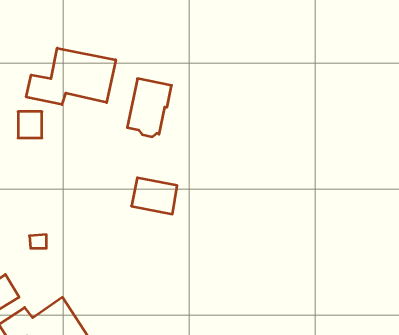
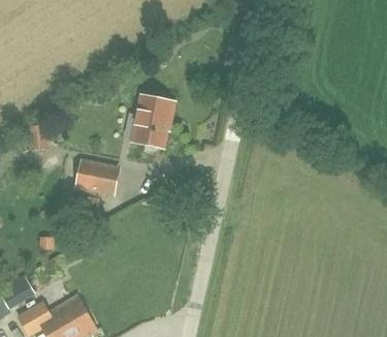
building: [26,48,116,105] -> none
building: [131,178,177,214] -> [75,159,117,192]

